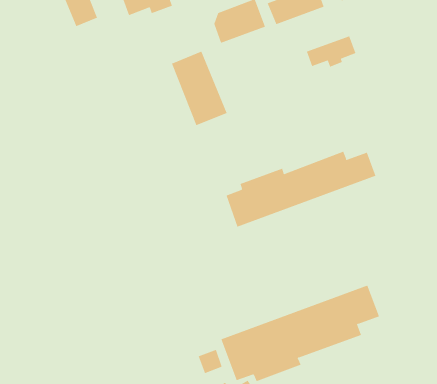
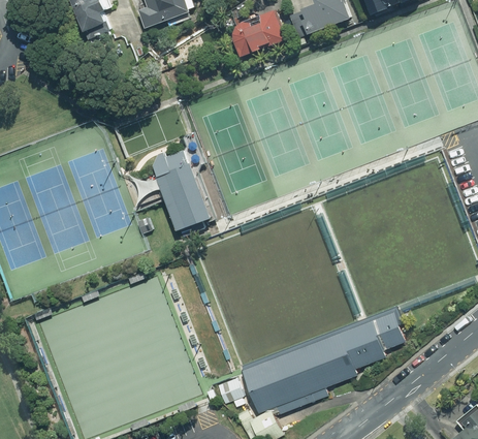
building: [306,35,356,68] -> none
building: [171,51,227,126] -> [151,150,210,228]
building: [226,151,376,227] -> none

